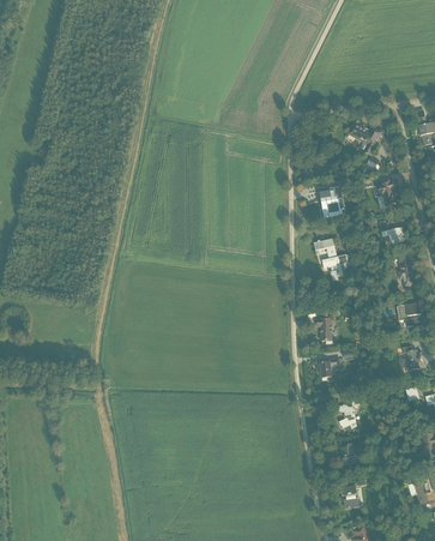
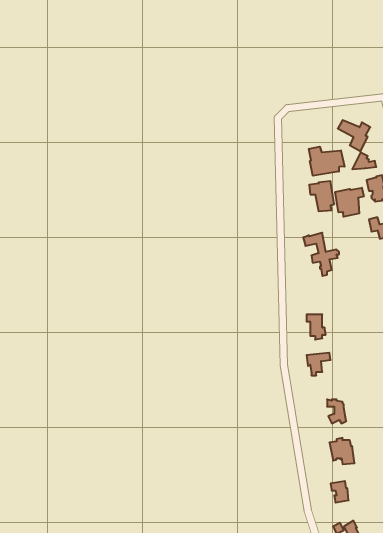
building: none -> [309,147,345,176]
building: none -> [335,188,364,217]

